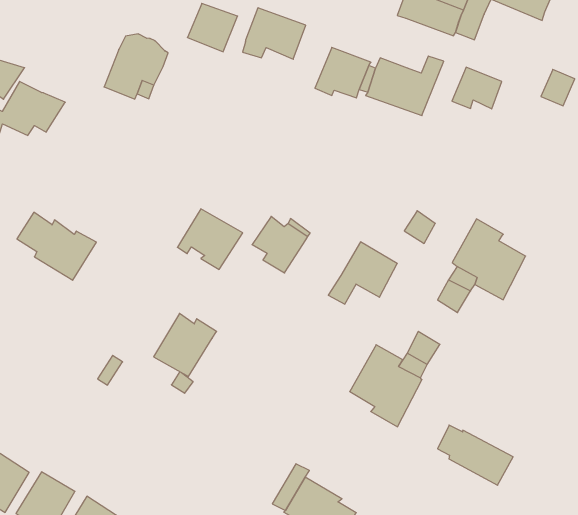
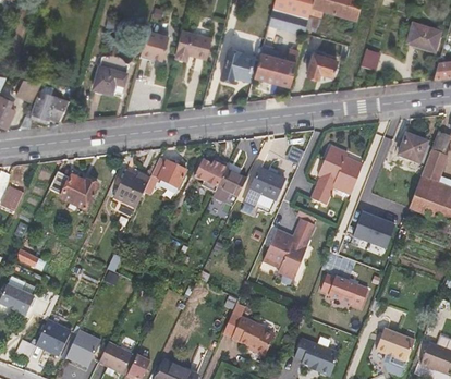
building: none -> [214,169,247,203]
building: [154,313,217,376] -> [113,169,150,207]
building: none -> [353,211,395,247]

